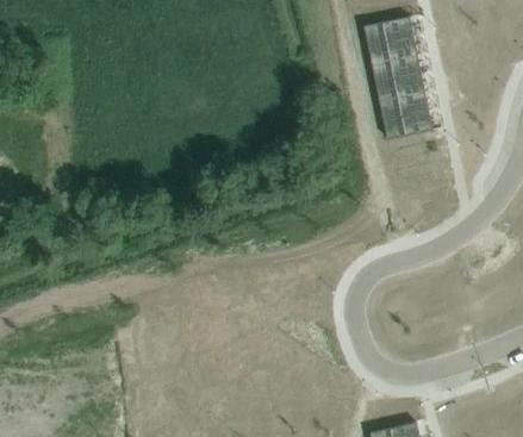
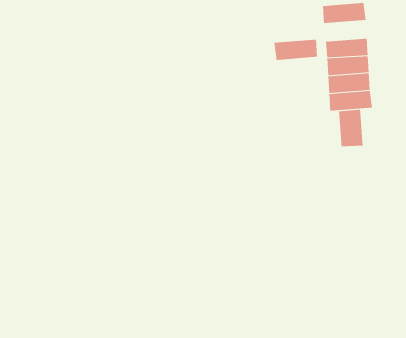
building: [368,36,418,64] -> [274,39,318,60]
building: none -> [339,109,363,147]

